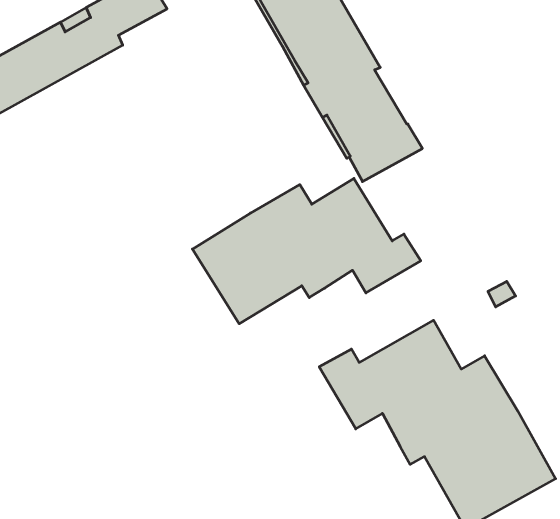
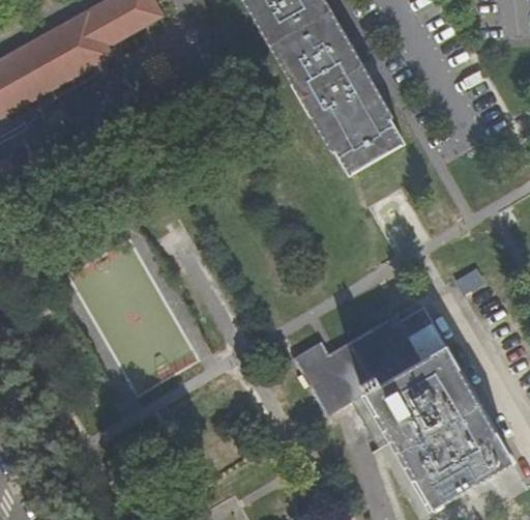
building: [192,178,421,324] -> none

